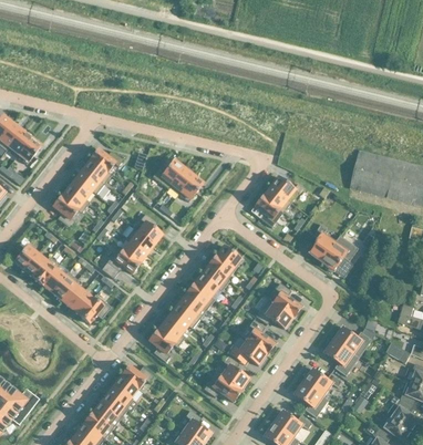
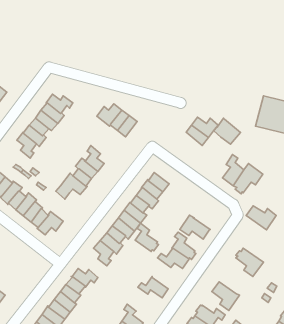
building: [250,194,283,226] -> [214,118,240,144]
building: [272,281,302,317] -> none
building: [334,327,372,356] -> [246,206,276,230]
building: [221,354,250,390] -> [135,223,158,252]
building: [305,368,342,395] -> none

